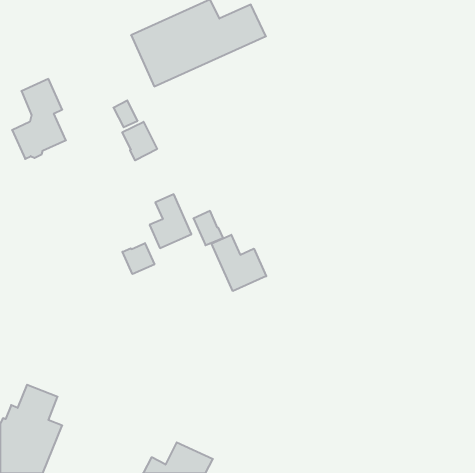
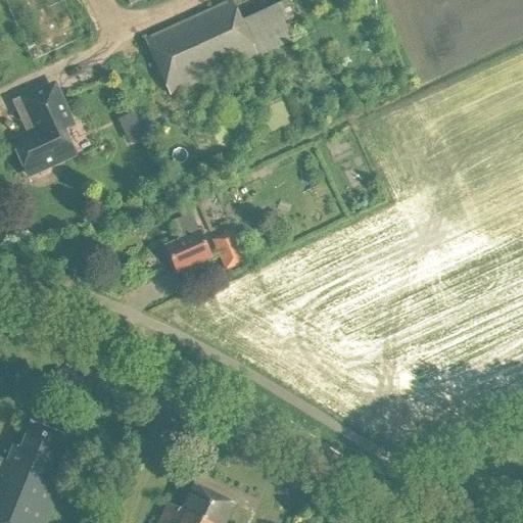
building: [122,122,157,160] -> none
building: [212,235,266,291] -> none
building: [122,243,154,274] -> none

